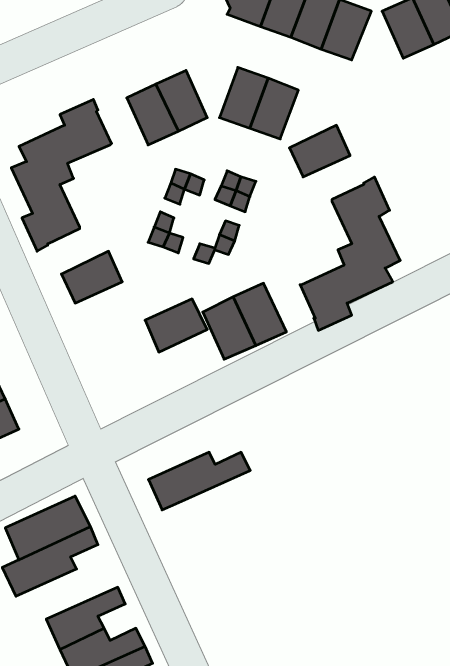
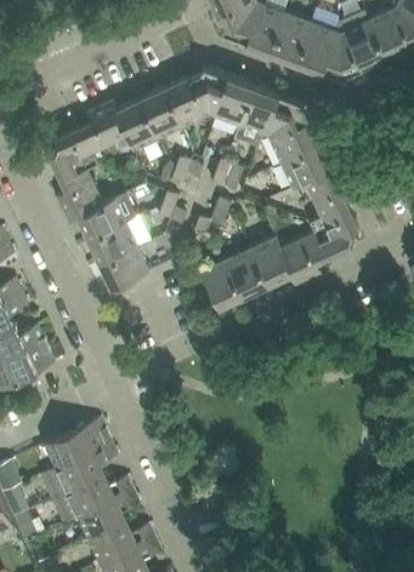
building: none -> [321,30,362,79]
building: none -> [188,65,229,115]
building: none -> [263,93,308,139]
building: none -> [117,99,158,148]
building: none -> [282,145,330,188]
building: none -> [78,198,126,240]
building: none -> [250,236,291,286]
building: [145,299,207,352] -> [100,246,149,288]
building: [148,452,250,510] -> [52,475,134,521]

